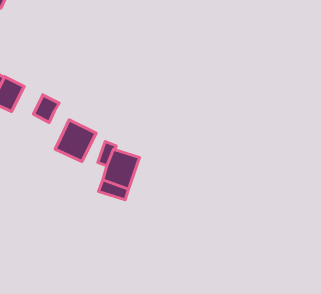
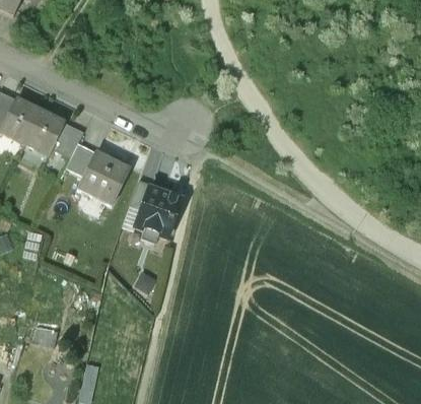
building: none -> [24,112,62,153]
building: none -> [66,142,95,174]

